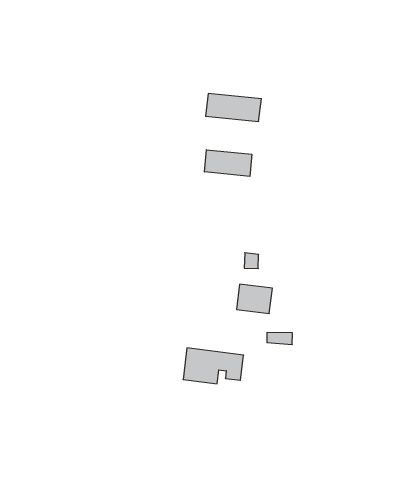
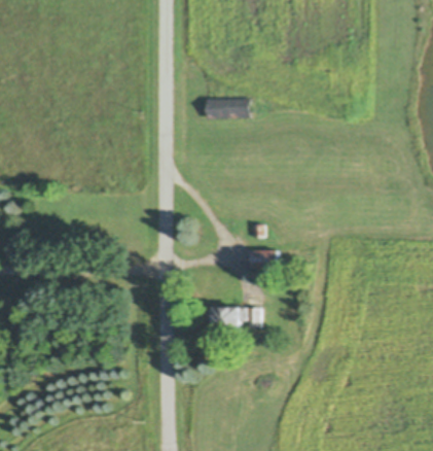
building: [205,150,252,176] -> none

